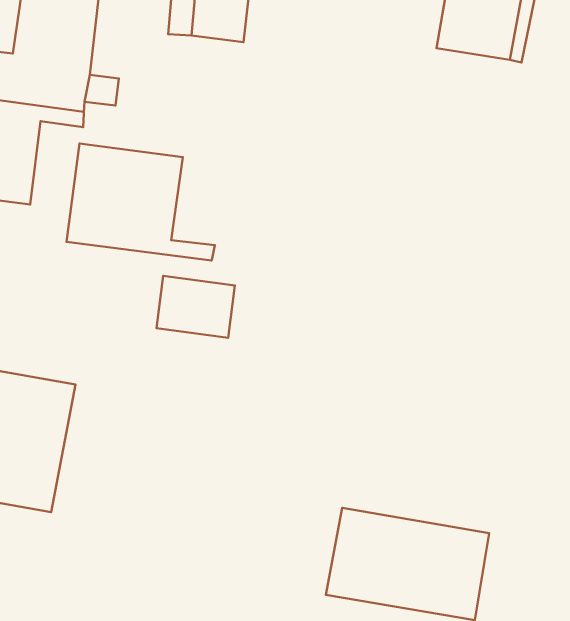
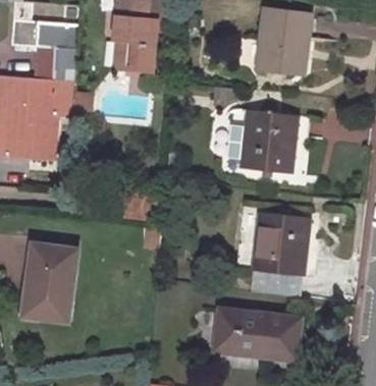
building: none -> [243,109,300,172]
building: [66,143,215,260] -> none
building: none -> [254,212,307,273]

